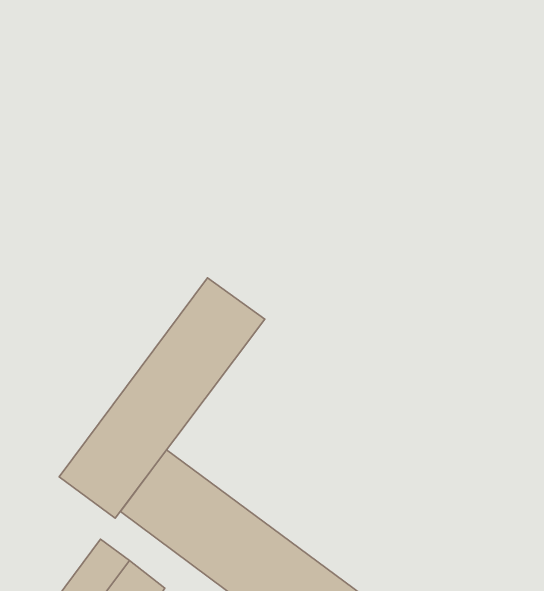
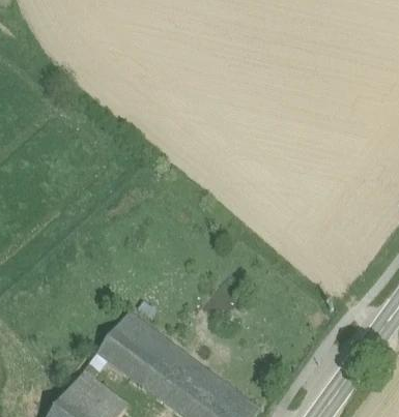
building: [59,278,265,518] -> none

